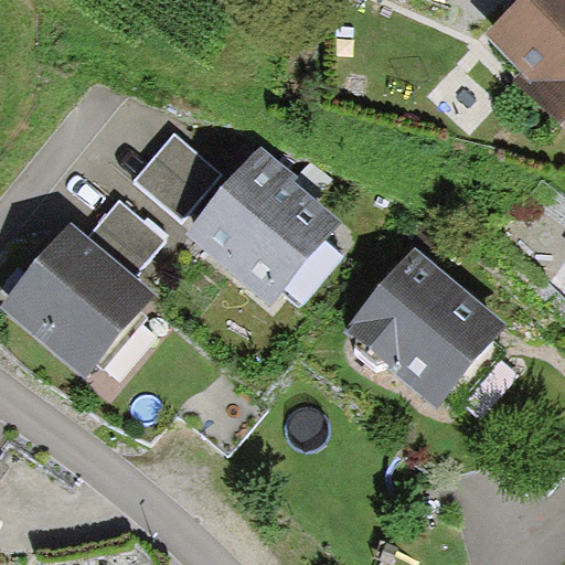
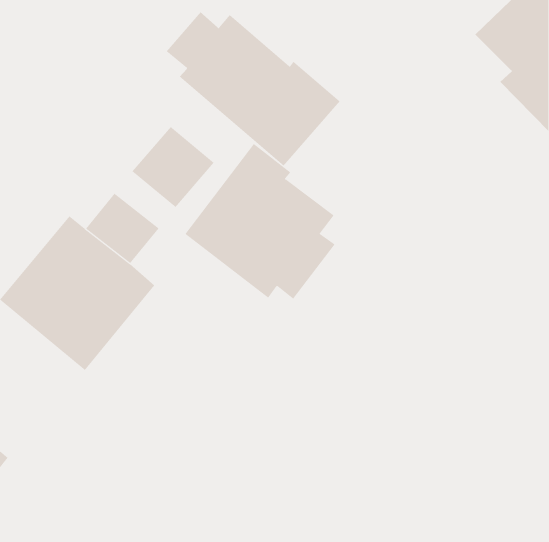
building: none -> [166,11,341,167]
building: [348,253,500,404] -> none

